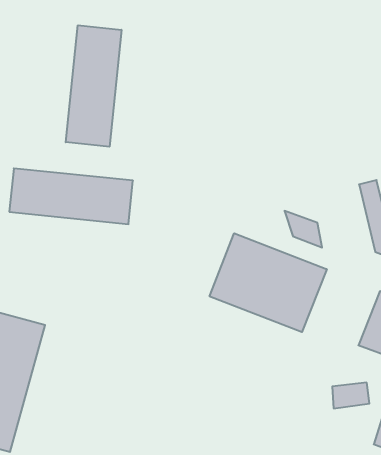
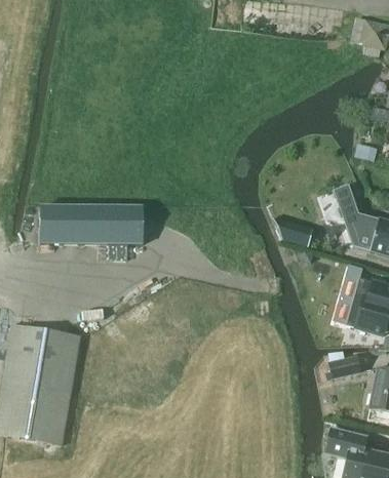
building: [66,25,121,147] -> none
building: [210,233,327,332] -> none

